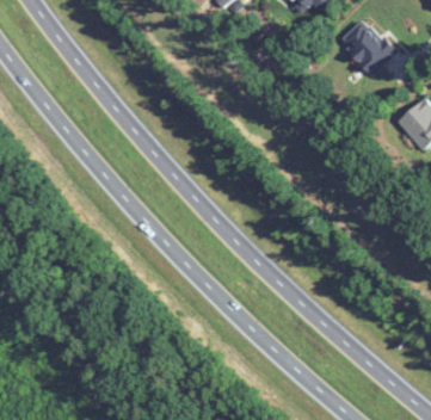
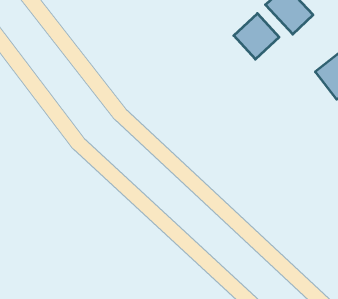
building: none -> [234,13,279,59]

